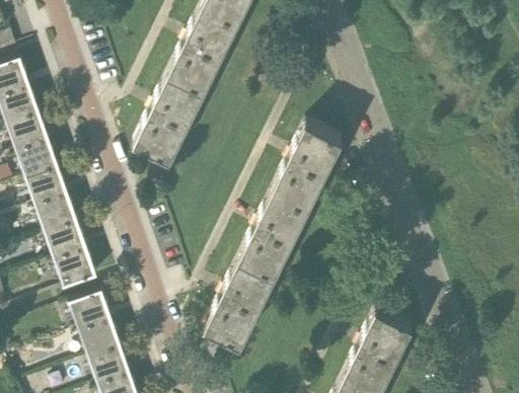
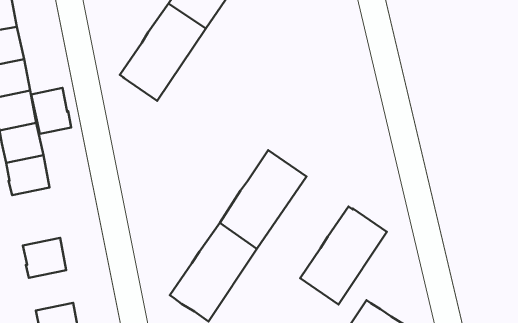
building: [272,128,342,214] -> [300,207,387,304]
building: none -> [31,88,71,134]
building: [55,254,96,293] -> none
building: [79,324,121,363] -> none

